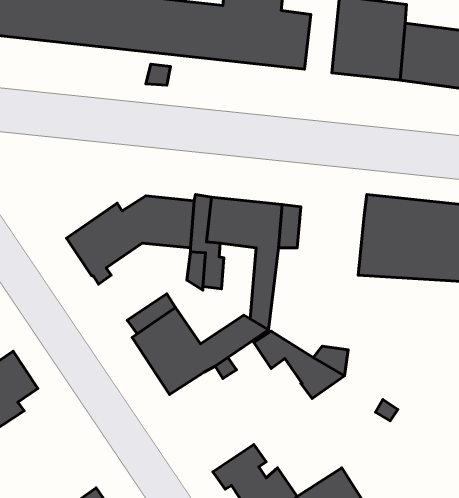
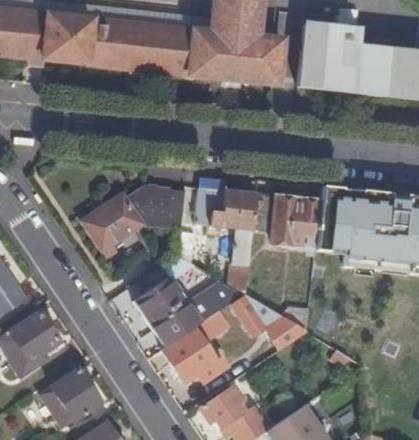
building: none -> [273,198,323,242]
building: none -> [162,328,216,382]
building: none -> [40,366,100,425]

